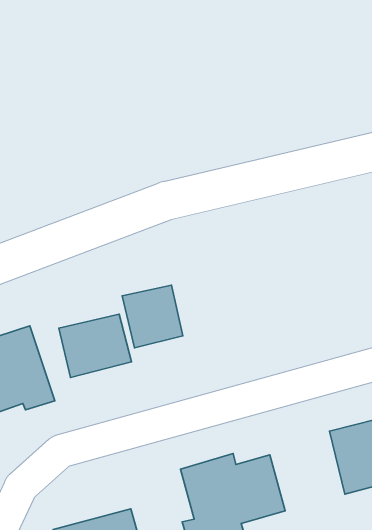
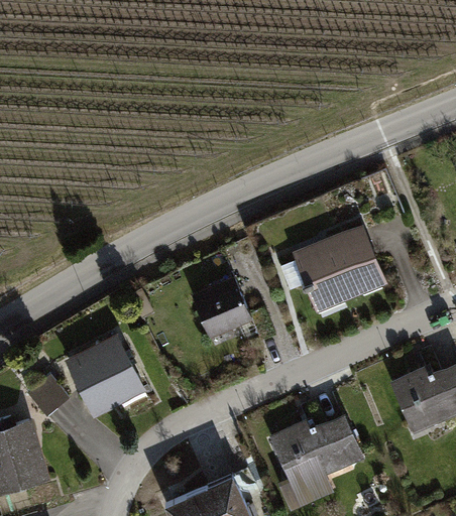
building: none -> [293,222,386,310]
building: [59,314,131,377] -> none

